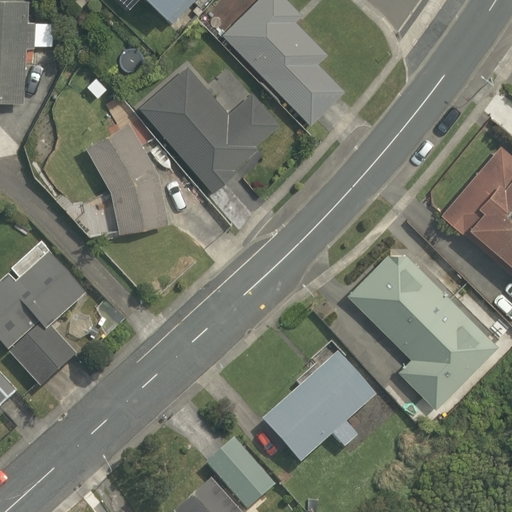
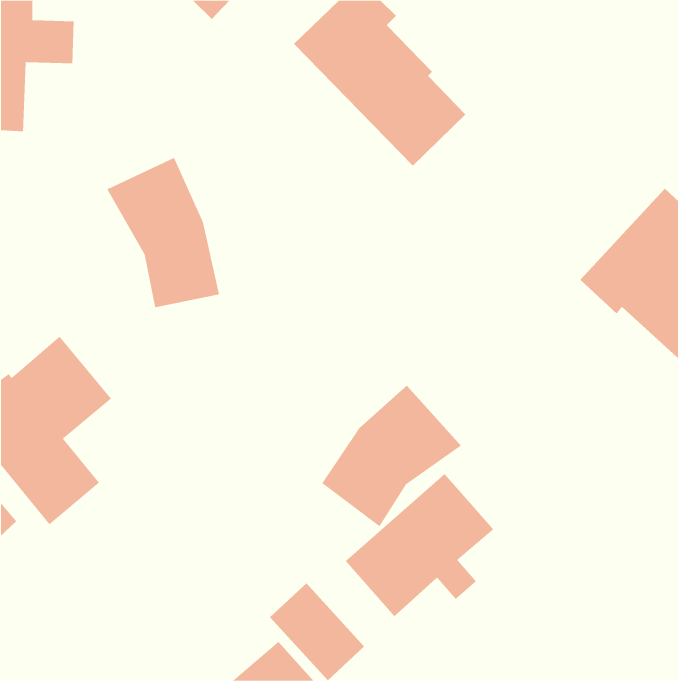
building: [137,61,285,193] -> none
building: [343,239,499,408] -> none
building: none -> [321,385,462,527]

